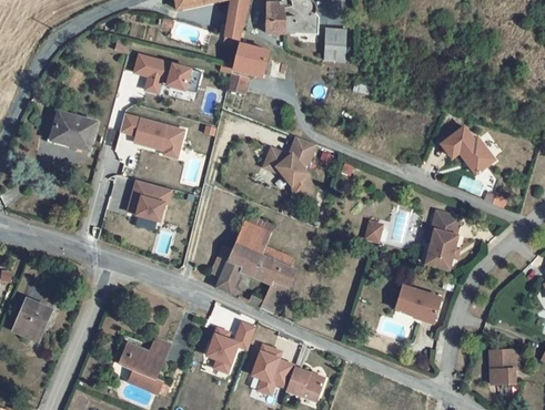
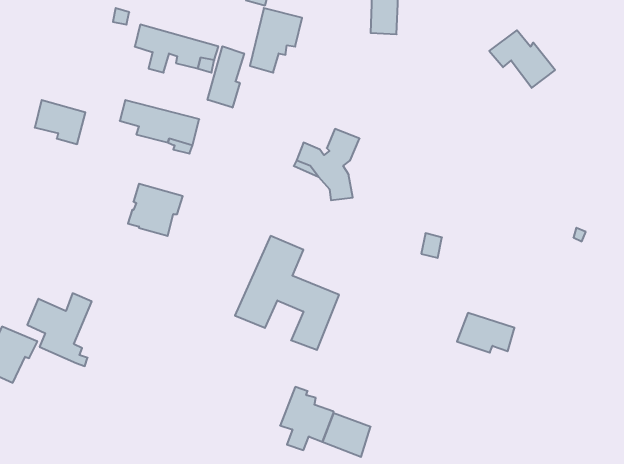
building: none -> [208,46,244,108]
building: [438,130,492,176] -> [489,30,555,88]
building: [425,212,460,270] -> none
building: [204,322,255,373] -> none
building: [118,338,170,397] -> [27,293,92,366]
building: [488,350,514,385] -> none

